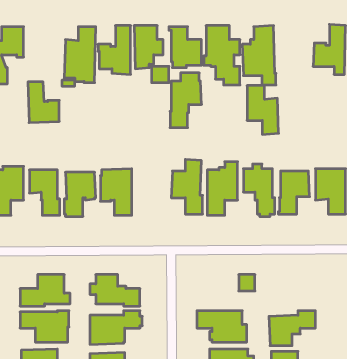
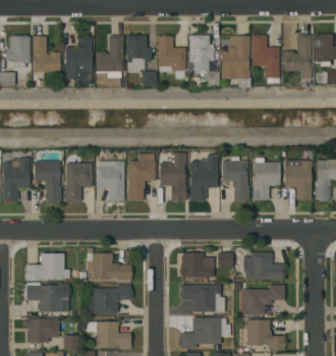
building: [170,73,202,128] -> [127,153,155,200]
building: [28,82,59,123] -> [32,36,59,71]
building: [247,86,279,134] -> [250,35,278,77]
building: none -> [242,251,284,279]
building: none -> [179,252,213,277]

